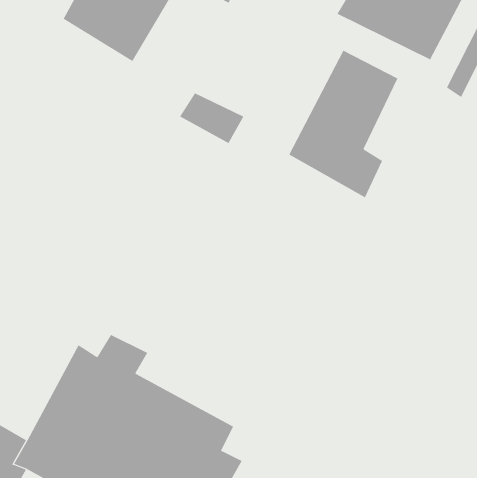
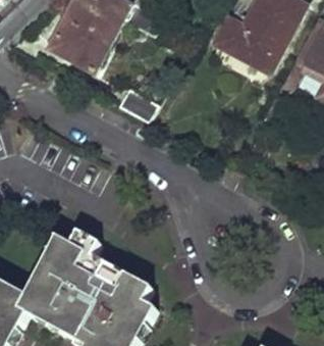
building: [288,50,398,198] -> none

